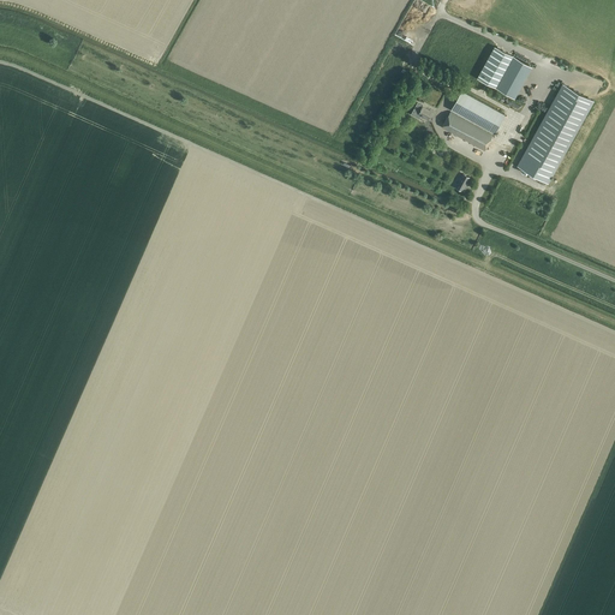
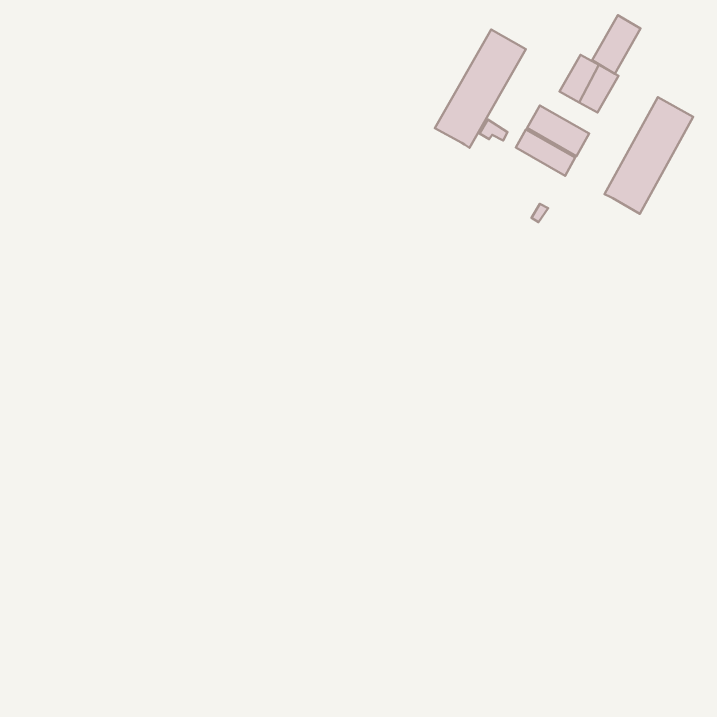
building: none -> [592,15,641,74]
building: none -> [435,30,526,148]

